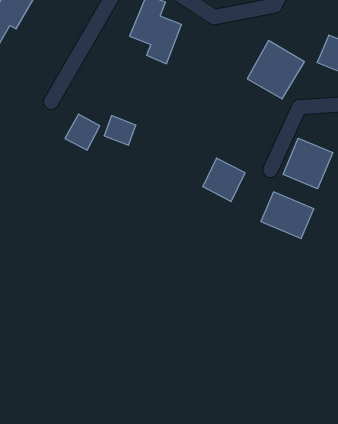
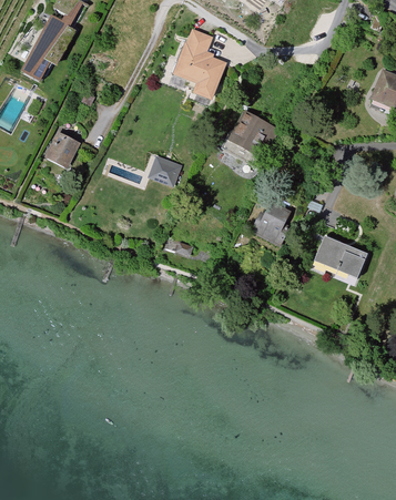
building: [247,41,304,99] -> [221,108,281,169]
building: [65,114,100,150] -> [44,129,81,166]
building: [283,138,333,189] -> none

